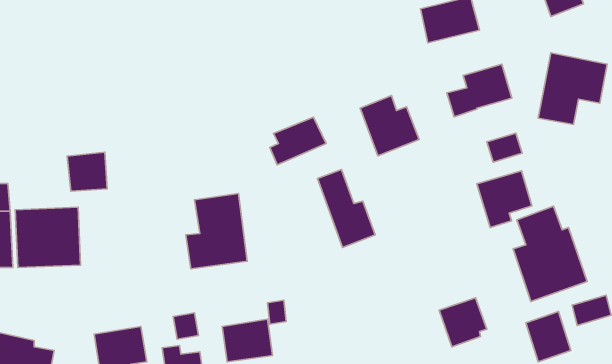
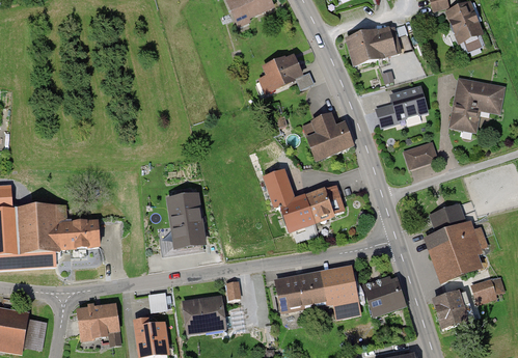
building: [270,117,326,165] -> [261,53,307,92]
building: [67,152,107,191] -> [67,218,101,250]
building: [477,171,532,227] -> none
building: none -> [302,185,344,225]
building: none -> [274,270,357,319]

